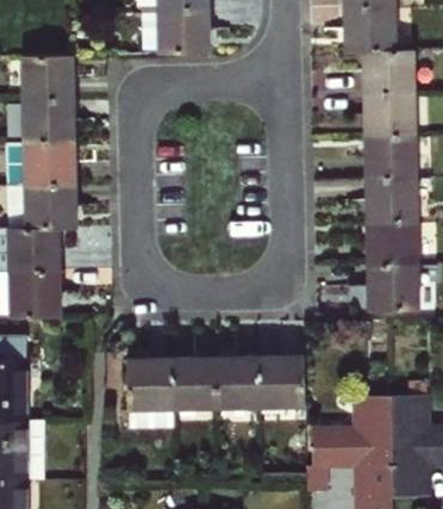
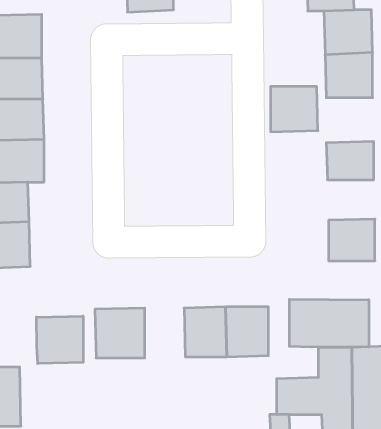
building: [366,141,414,187] -> [271,87,318,132]
building: [367,225,416,267] -> none
building: none -> [289,299,369,347]
building: [179,358,220,409] -> none
building: none -> [36,316,83,364]

